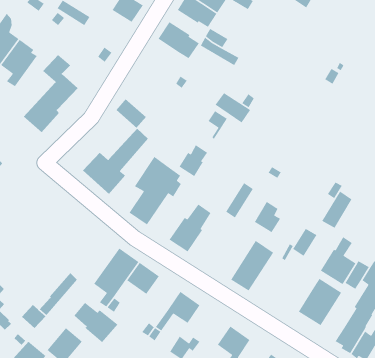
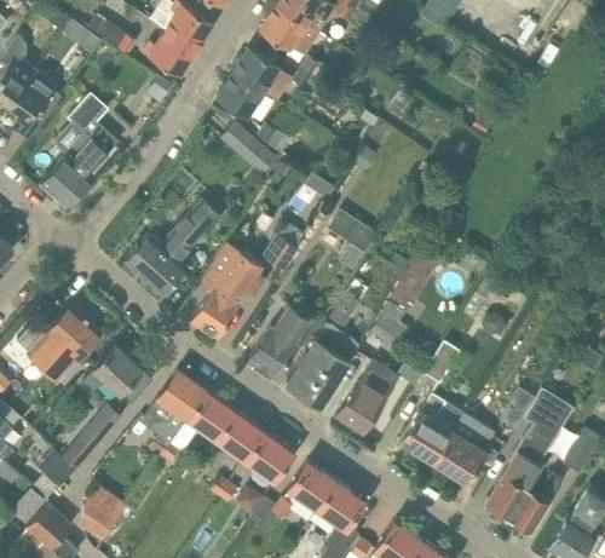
building: none -> [143,31,195,75]
building: none -> [215,73,263,119]
building: [215,92,251,123] -> [325,211,378,255]
building: [115,98,147,129] -> [230,132,275,176]
building: [321,191,352,229] -> [388,257,433,311]
building: none -> [28,304,100,373]
building: none -> [286,324,357,405]
building: none -> [80,345,142,395]
building: [320,236,356,285] -> [399,392,451,462]
building: none -> [215,412,264,459]
building: [74,302,119,343] -> none
building: none -> [287,461,335,510]

